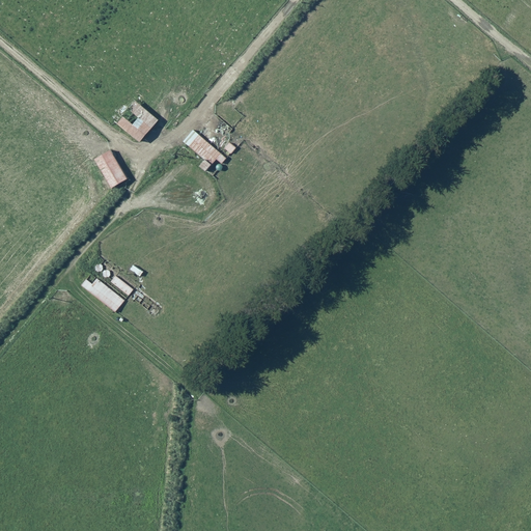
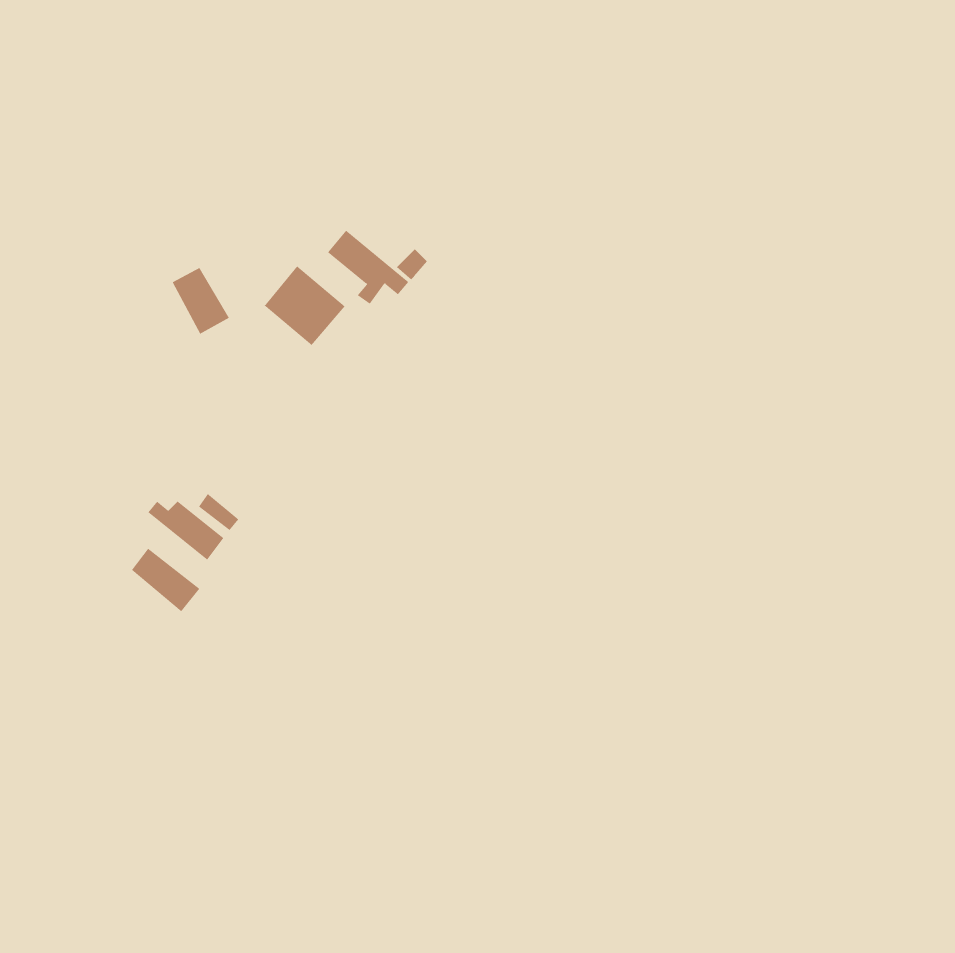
building: [112,96,158,141] -> [263,265,345,346]
building: none -> [131,548,200,612]

